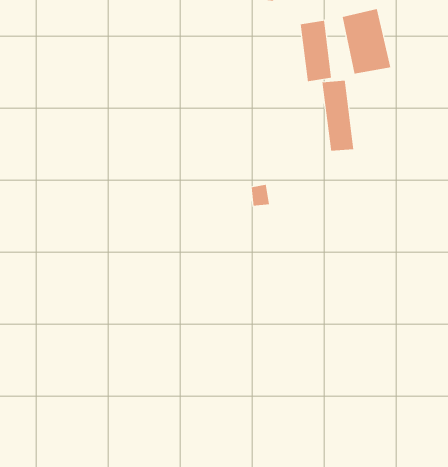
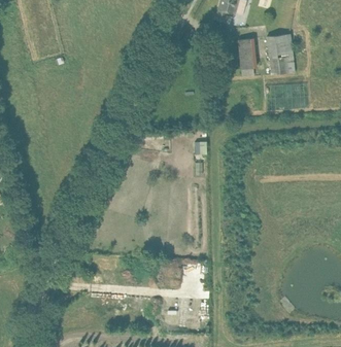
building: [322,80,354,151] -> none

